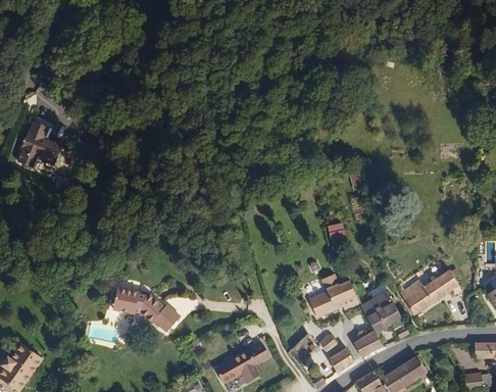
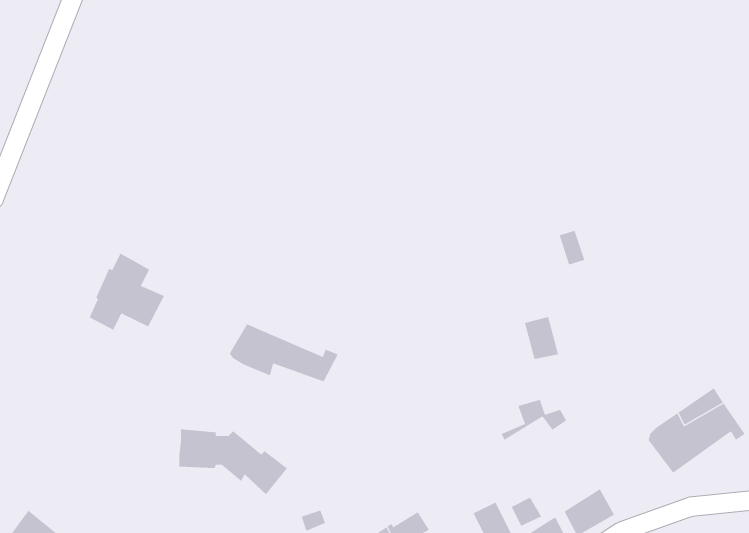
building: [8,121,55,169] -> [89,253,165,331]
building: none -> [229,324,338,382]
building: [314,283,361,312] -> none
building: [365,284,401,329] -> none

